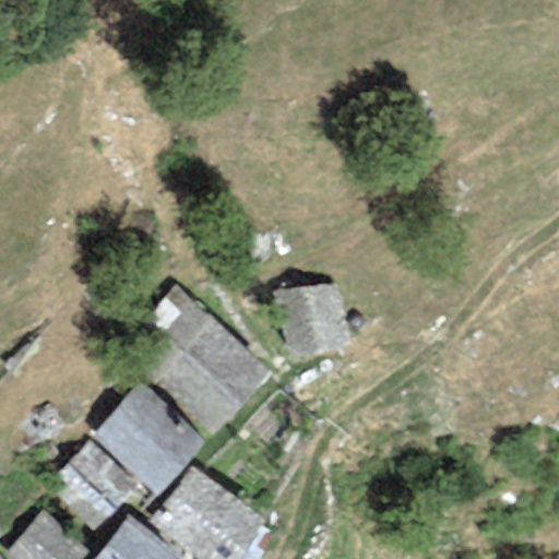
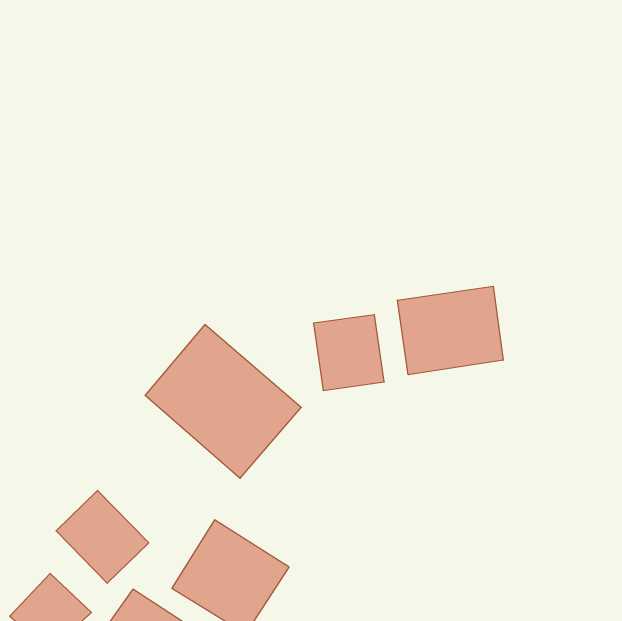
building: none -> [397,286,503,375]
building: [99,383,199,483] -> none

